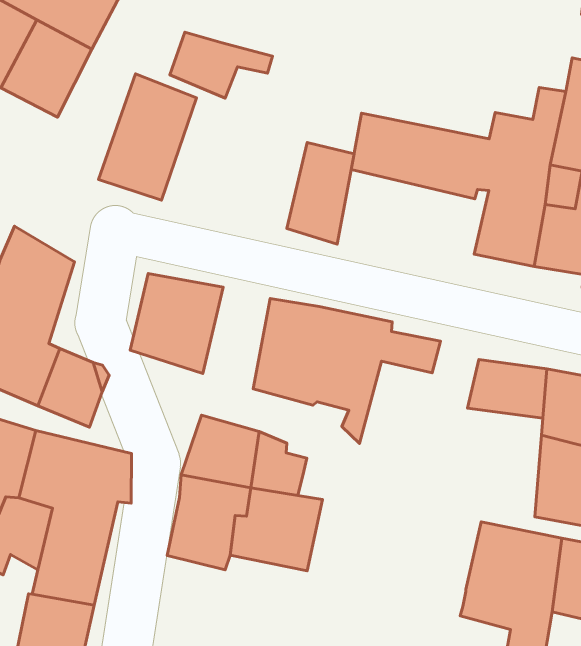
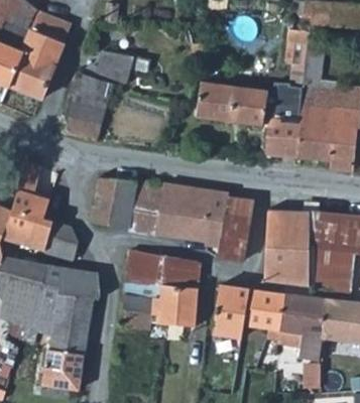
building: [287,142,354,244] -> [130,181,162,234]
building: none -> [216,214,251,262]
building: none -> [265,235,312,289]
building: none -> [208,283,283,340]

